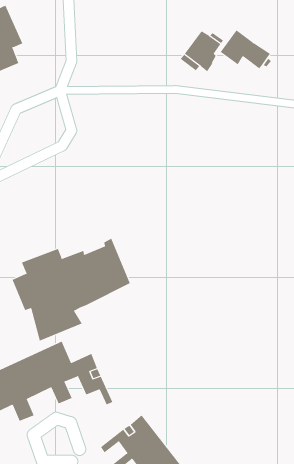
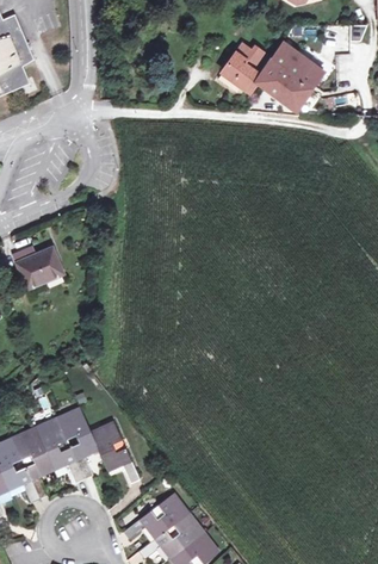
building: none -> [254,69,309,111]
building: none -> [12,247,61,286]
building: [12,238,131,341] -> none

